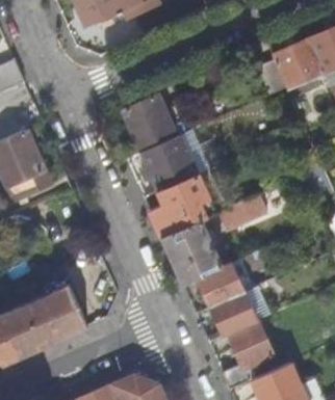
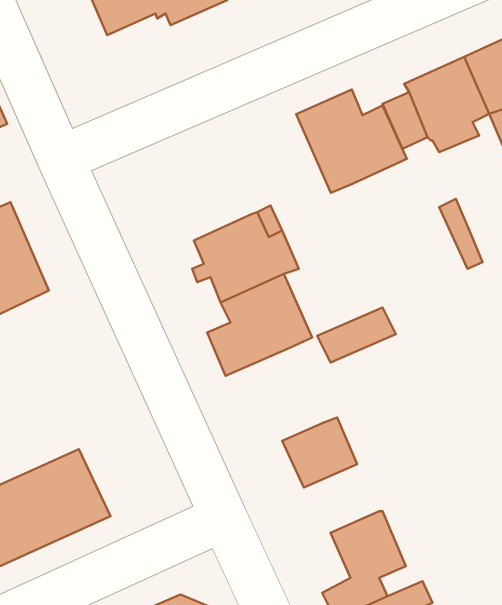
building: none -> [296,89,407,193]
building: [124,96,178,153] -> none
building: [161,219,223,284] -> none
building: [210,292,257,337] -> none

